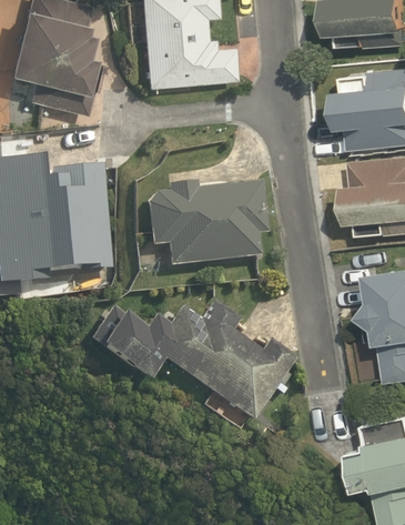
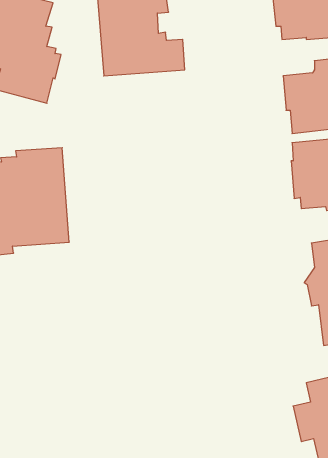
building: [146,181,267,264] -> none
building: [90,301,295,420] -> none

